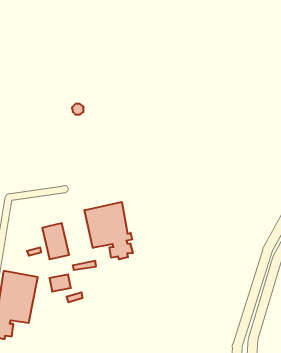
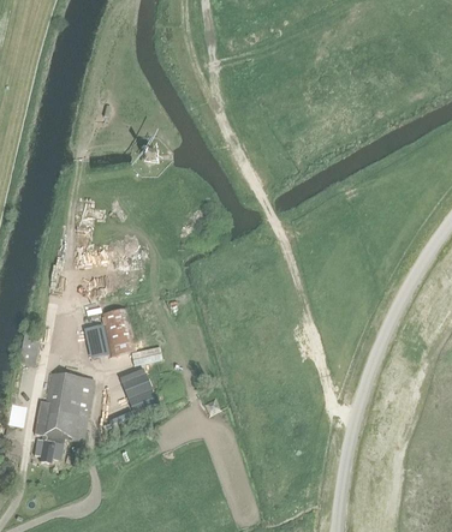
building: [84,202,133,259] -> none

